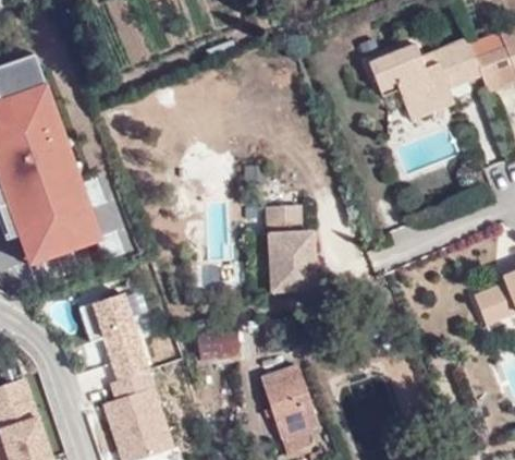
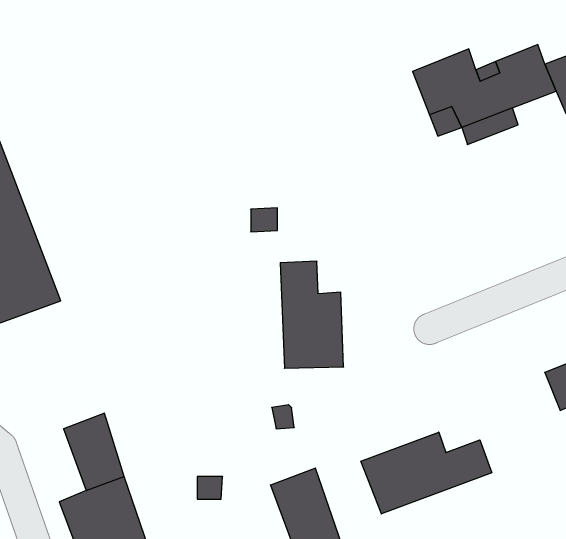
building: [87,288,133,337] -> none
building: [196,328,241,362] -> none
building: none -> [361,432,492,514]

